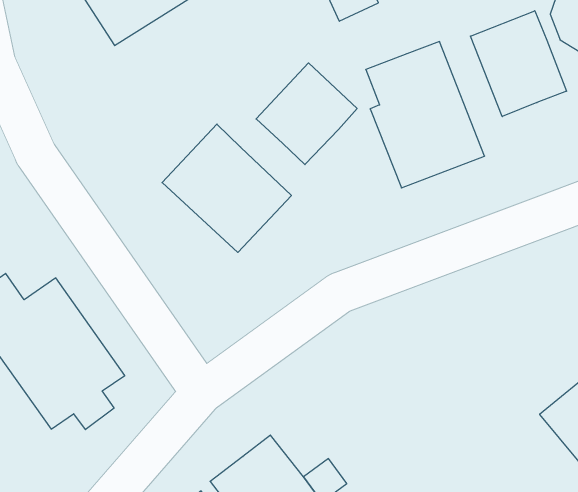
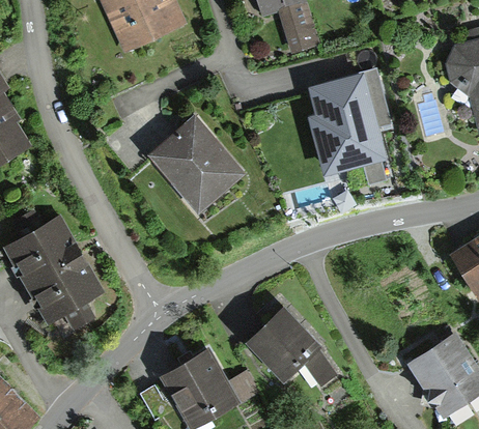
building: [470,11,567,117] -> none
building: [256,63,357,165] -> none
building: none -> [246,310,336,387]

